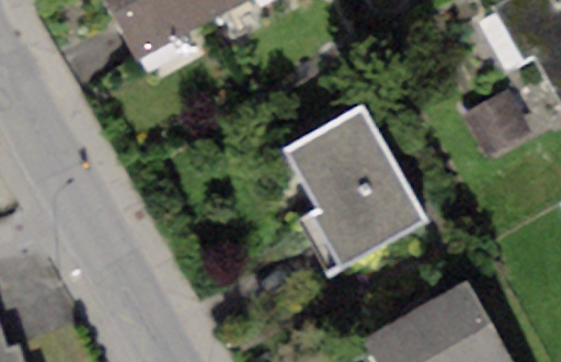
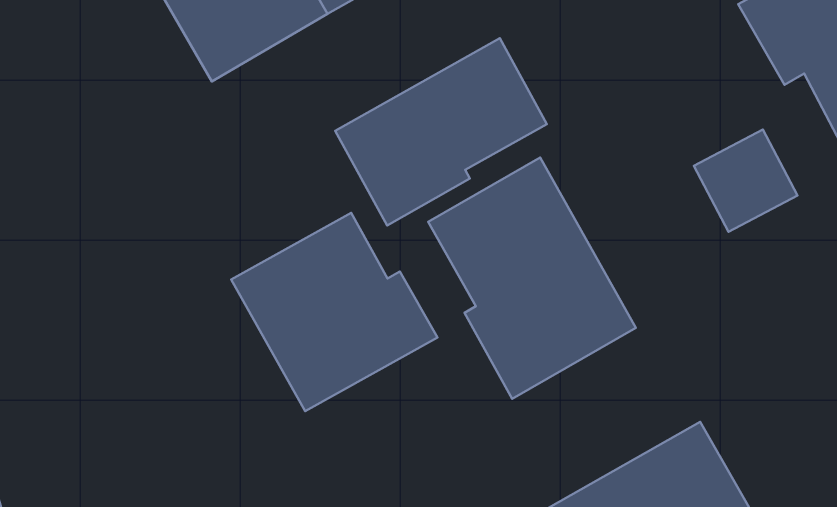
building: none -> [335,38,547,226]
building: none -> [231,213,438,411]

